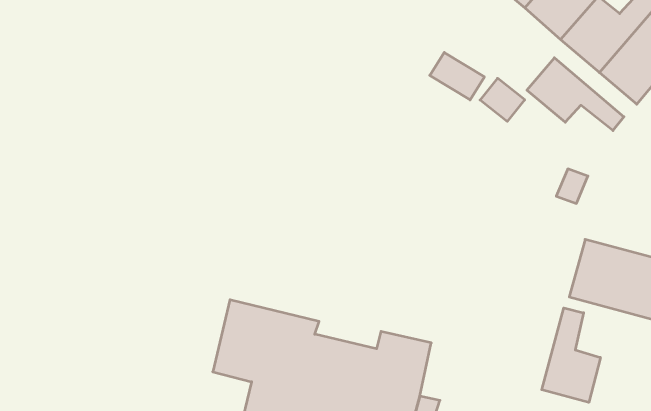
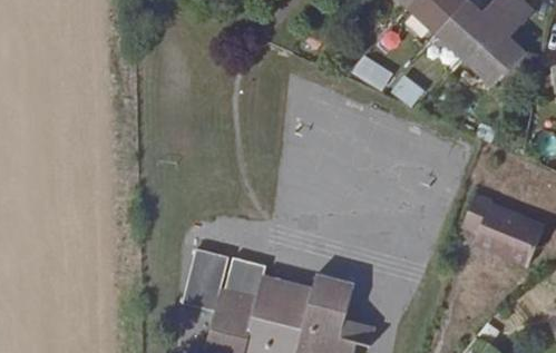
building: [527,58,624,131] -> none
building: [542,308,600,402] -> none

